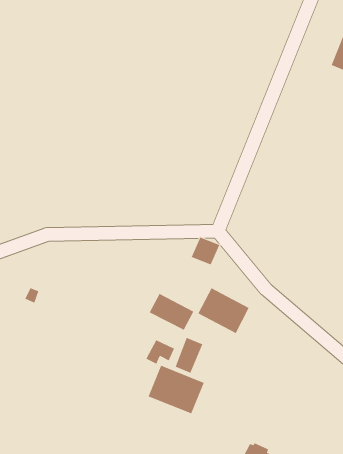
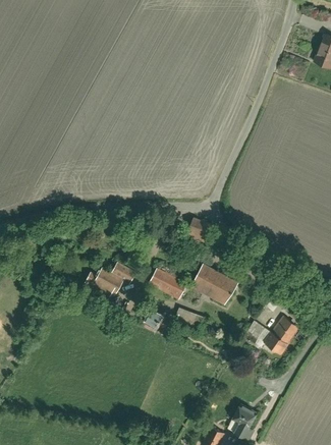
building: none -> [92,262,137,296]
building: none -> [246,317,300,356]
building: [148,365,204,414] -> none

